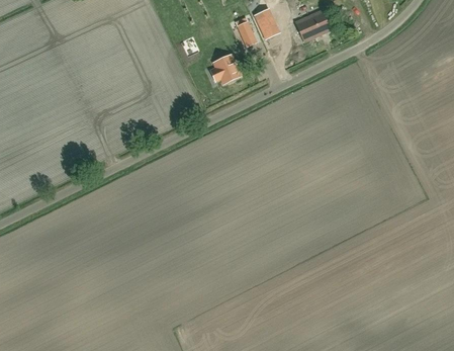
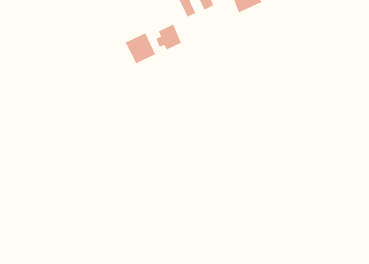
building: none -> [125,33,156,64]

